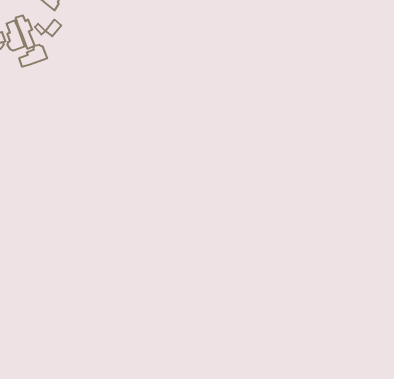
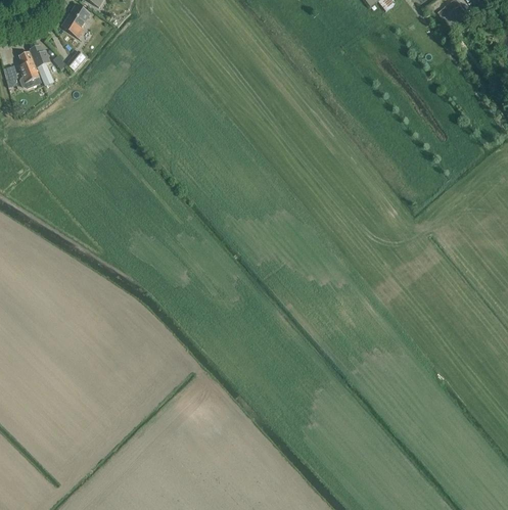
building: [19,45,47,67] -> none

